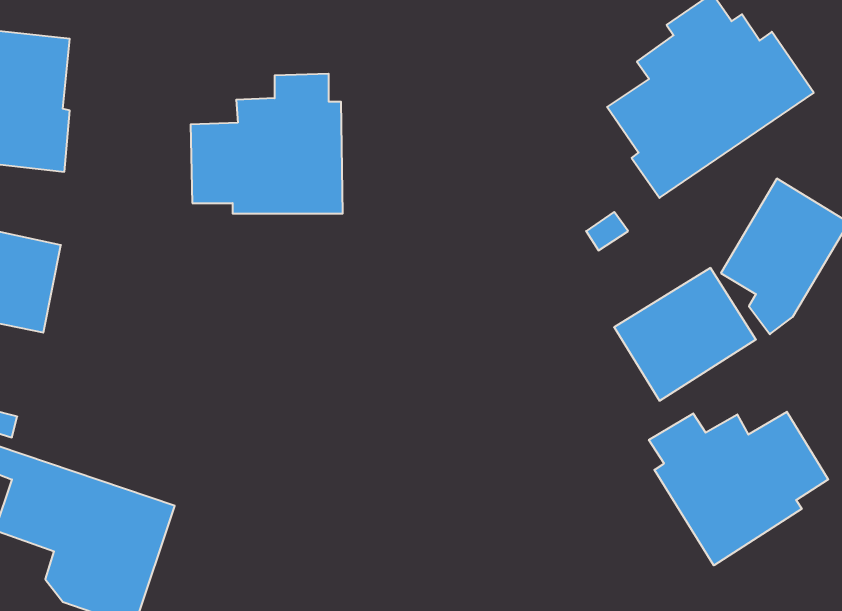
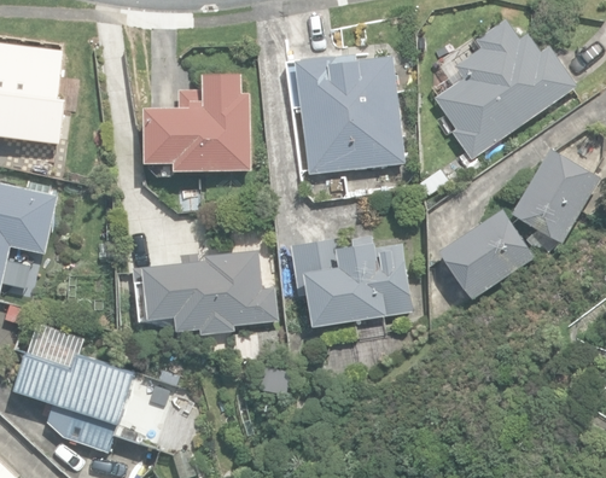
building: none -> [296,54,402,173]
building: none -> [290,237,413,325]
building: none -> [132,250,279,334]
building: [649,412,828,565] -> none

